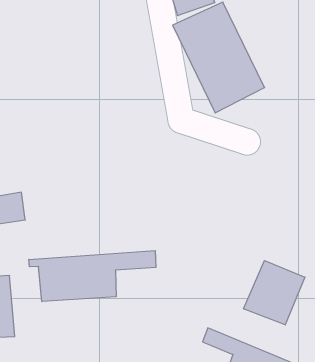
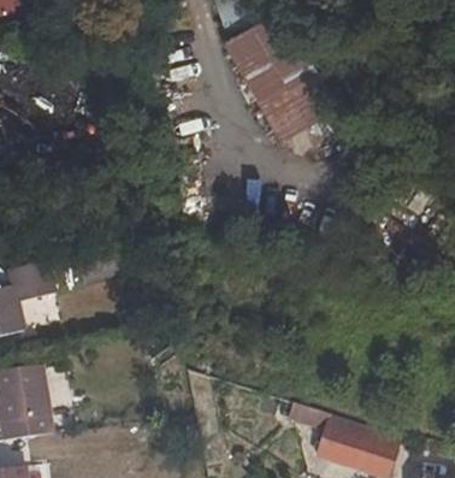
building: [29,251,156,302] -> none
building: [244,261,305,325] -> none

